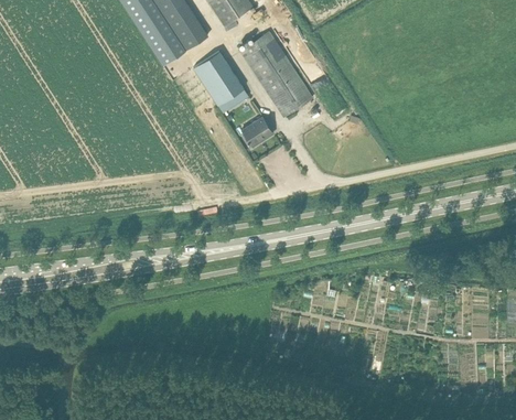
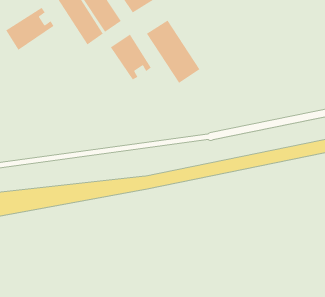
building: none -> [5,7,54,51]
building: [243,117,275,146] -> none

